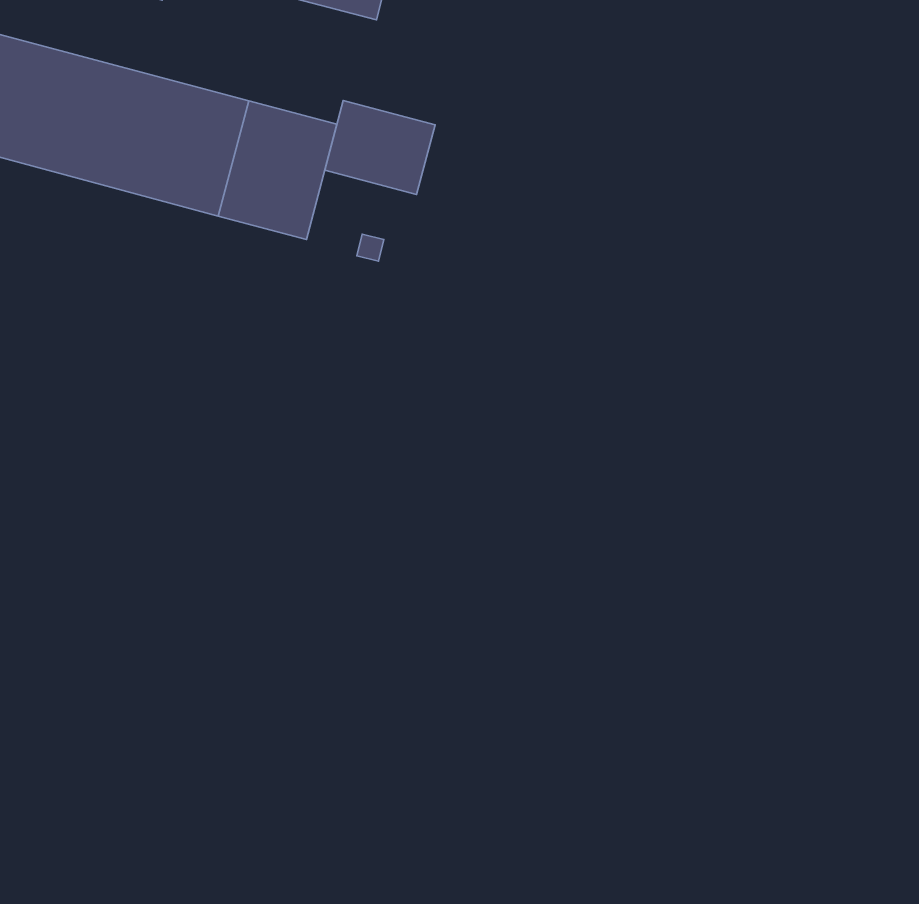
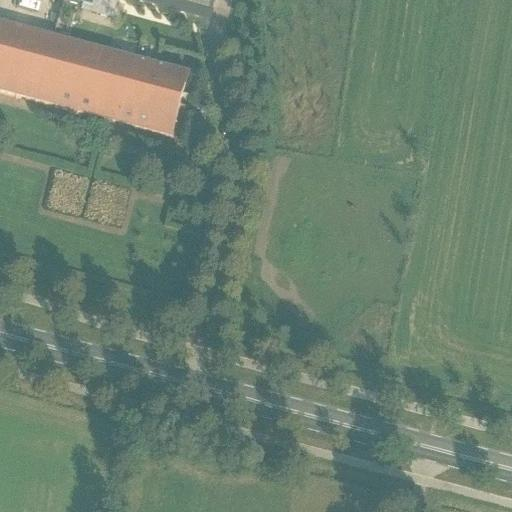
building: [325,100,435,194] -> none

